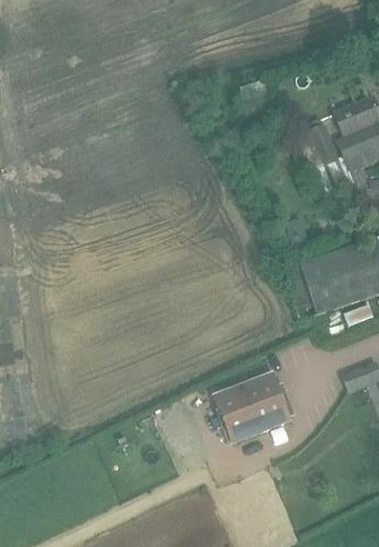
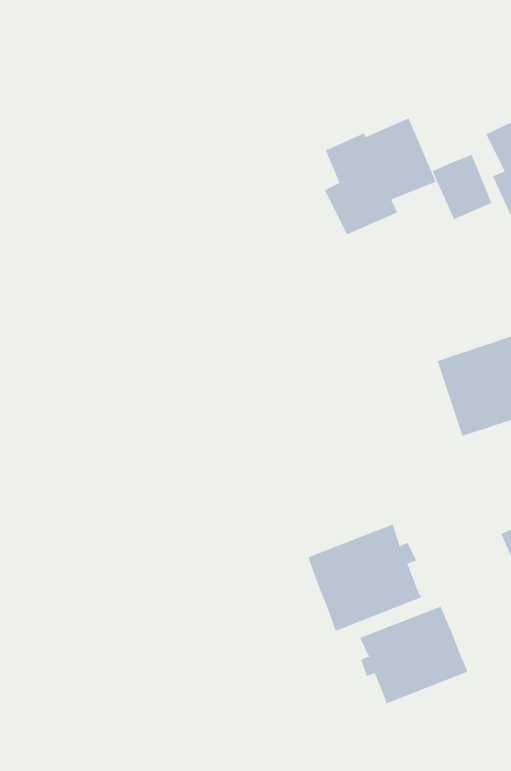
building: none -> [324,117,436,235]
building: none -> [360,606,467,704]

